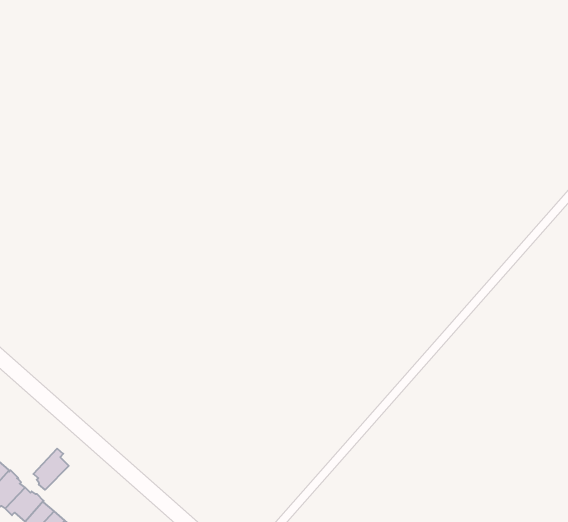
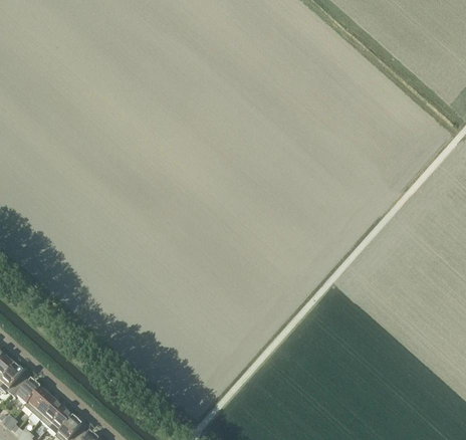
building: [33,449,69,490] -> none

